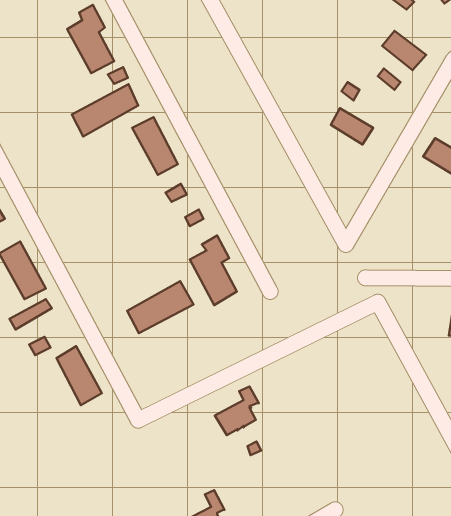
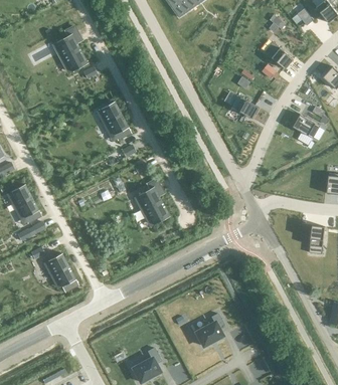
building: [72,84,138,136] -> none
building: [127,281,194,333] -> none
building: [215,387,259,435] -> [193,314,222,346]

